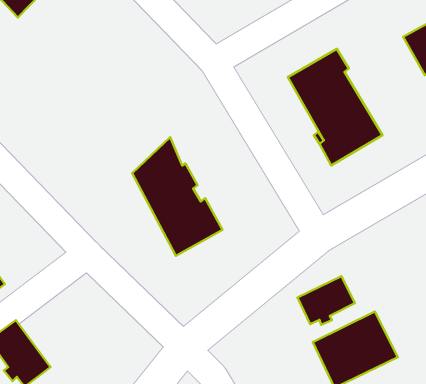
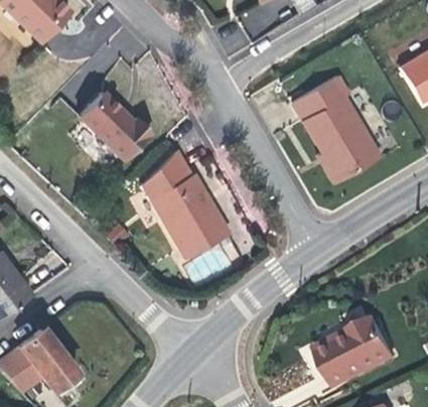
building: none -> [85,96,154,163]
building: [297,276,355,325] -> none

